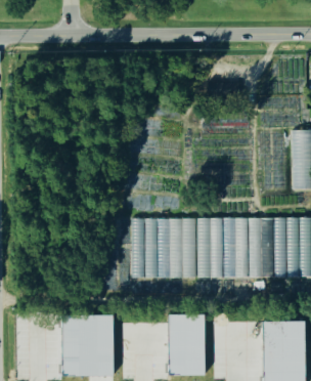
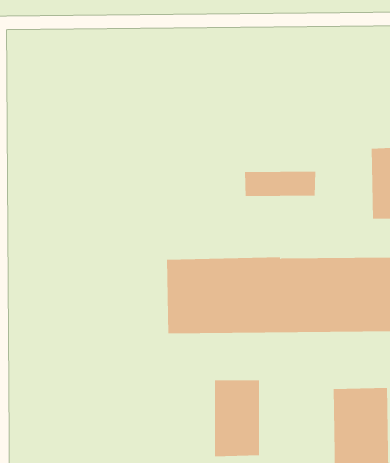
building: none -> [244,171,316,197]
building: [62,315,114,375] -> none

